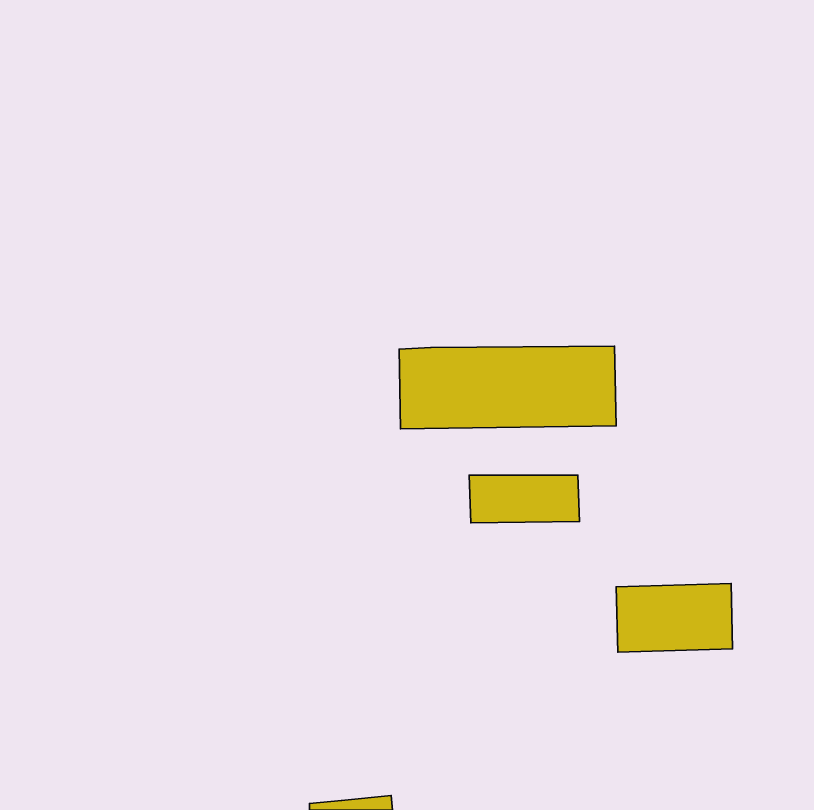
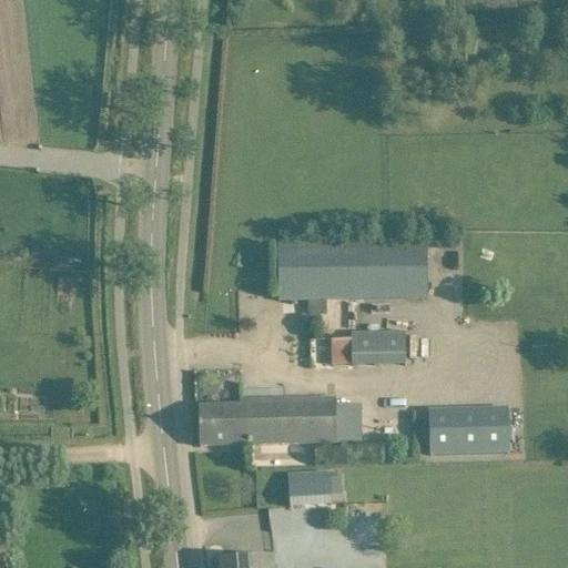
building: none -> [200,397,363,445]
building: none -> [284,470,328,503]

